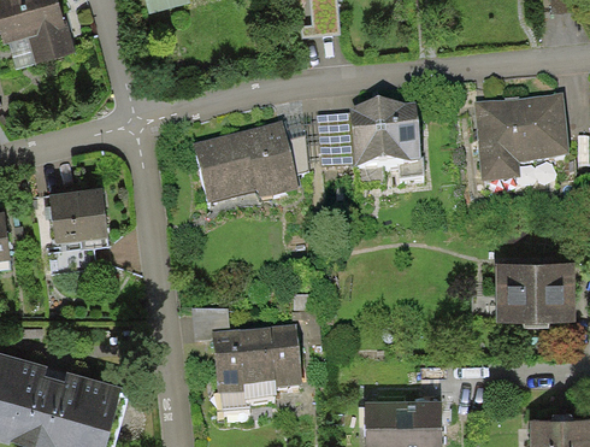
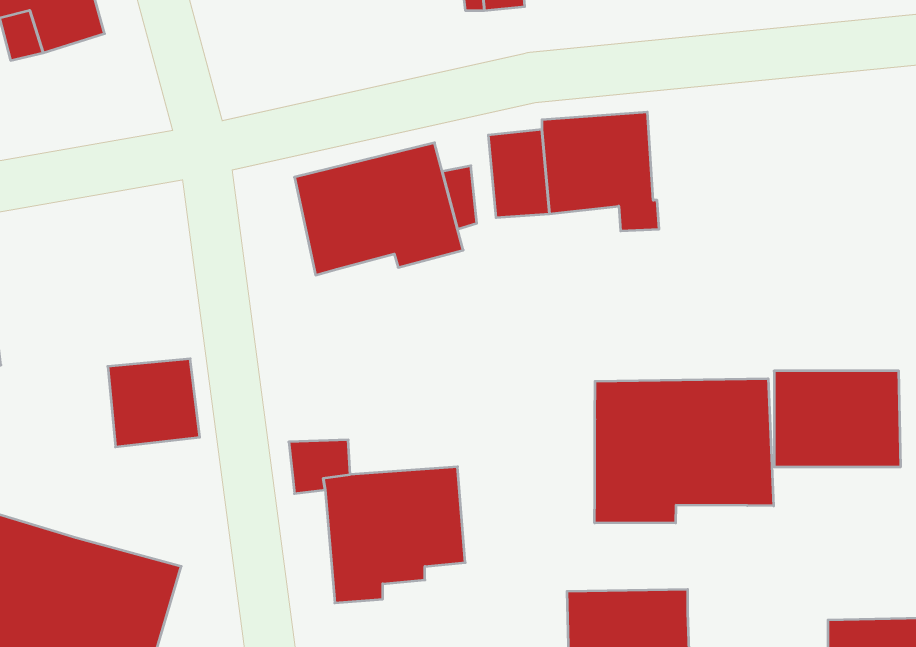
building: [474,94,568,180] -> none
building: [49,188,107,243] -> [108,359,200,447]
building: none -> [595,379,774,523]

